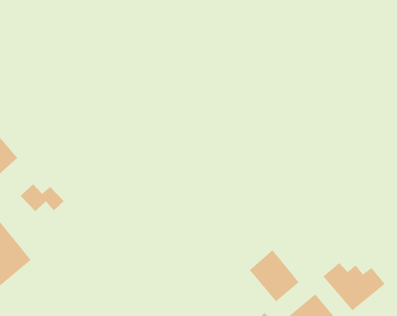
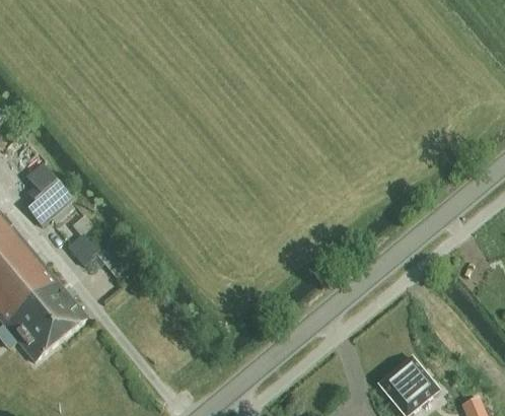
building: [249,250,299,302] -> none
building: [323,262,385,311] -> none

